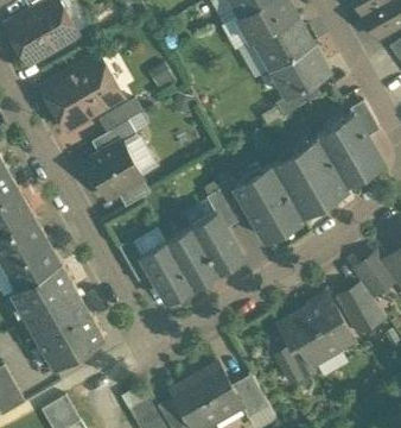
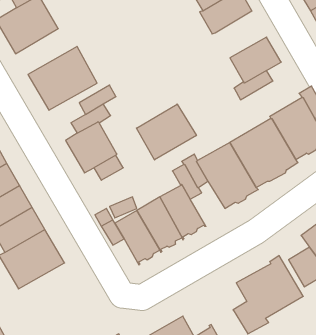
building: [255,15,313,69] -> none
building: none -> [136,104,196,160]
building: [32,302,106,370] -> none

